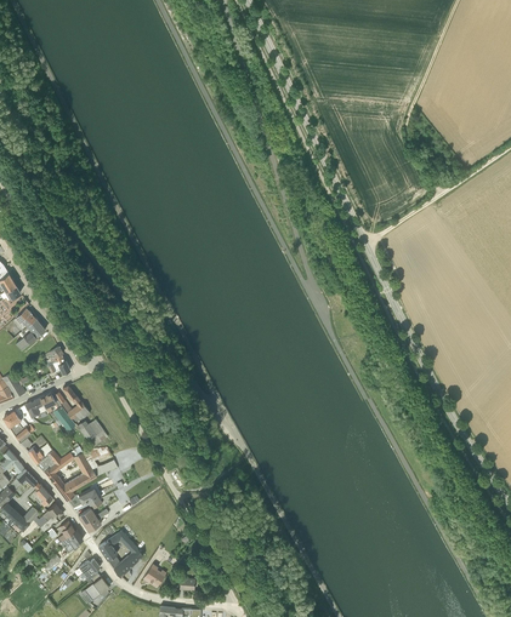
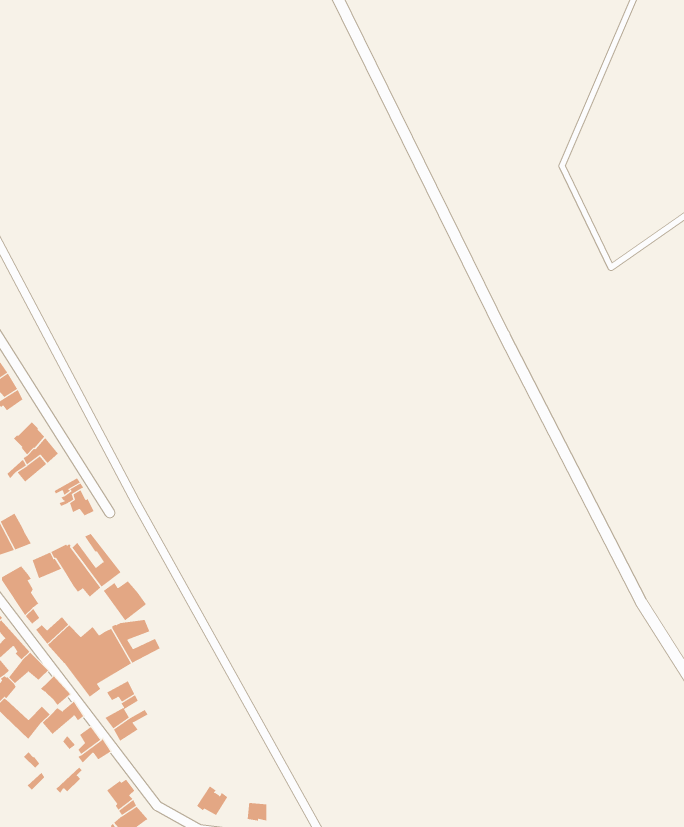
building: [98,531,143,578] -> none

